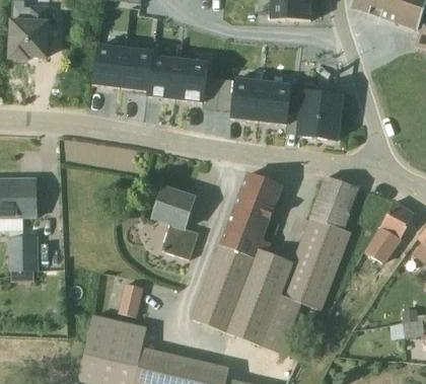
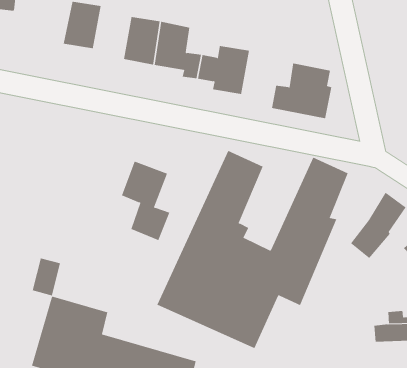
building: [120,46,152,89] -> none
building: [258,79,291,123] -> none
building: [117,281,142,315] -> [32,258,61,296]

